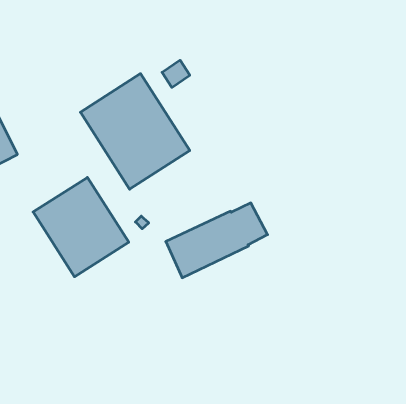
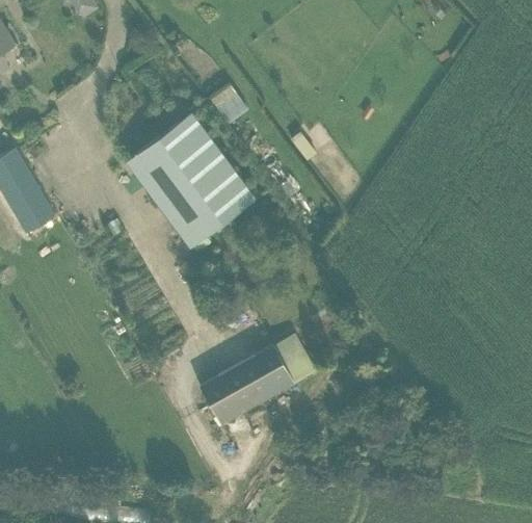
building: [33,177,129,277] -> none
building: [166,203,268,278] -> [198,335,316,427]

